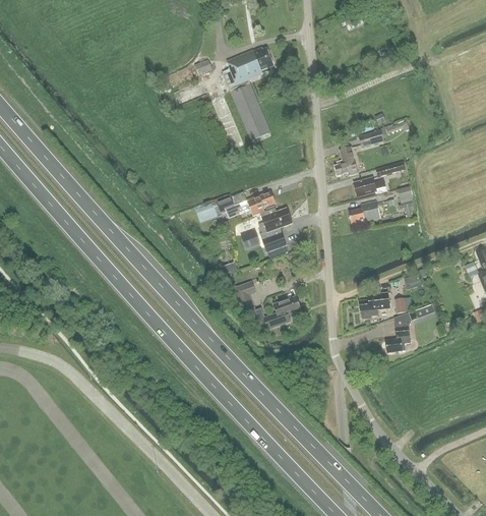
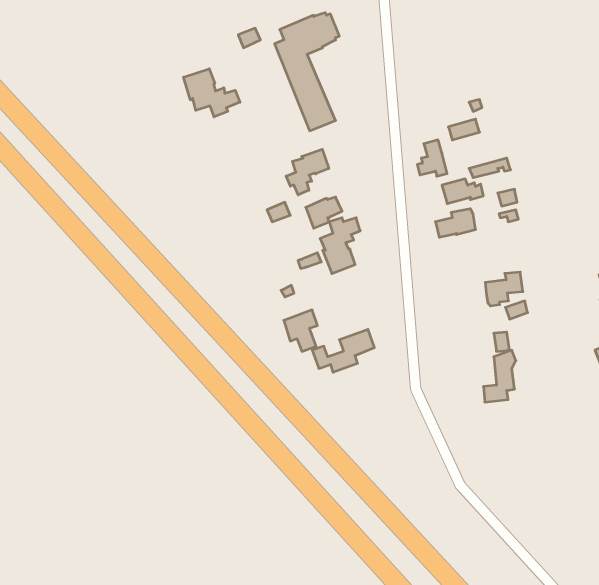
building: none -> [184,69,240,117]
building: none -> [286,149,329,195]
building: [360,292,389,319] -> [485,272,523,306]

